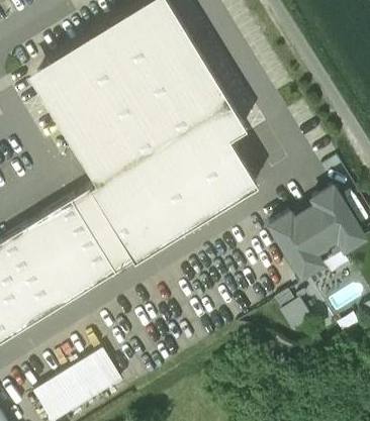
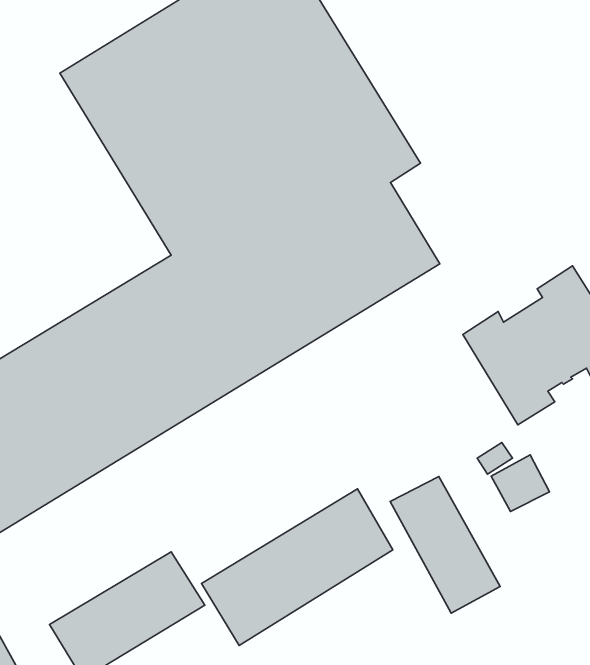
building: none -> [390,476,500,613]
building: none -> [202,489,393,645]

